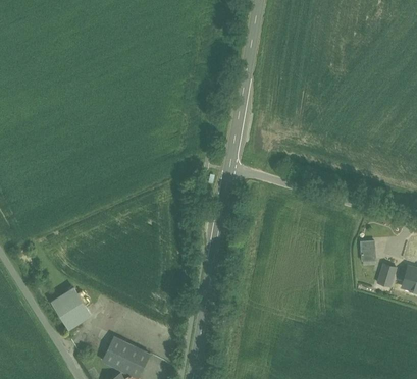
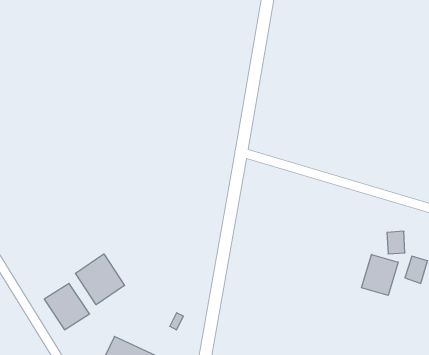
building: none -> [75,254,125,305]
building: none -> [361,254,398,295]

